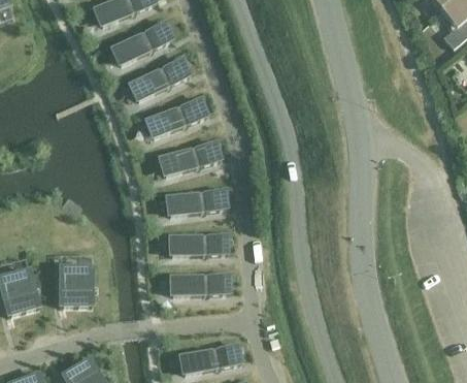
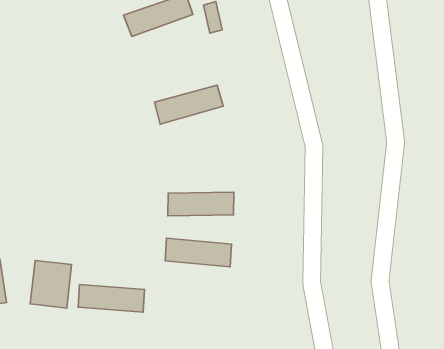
building: [129,57,189,99] -> none
building: [160,140,220,174] -> none
building: [171,273,229,294] -> [78,285,145,312]

